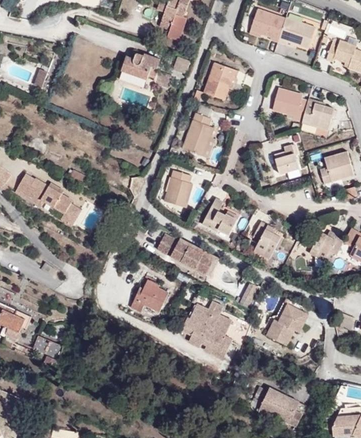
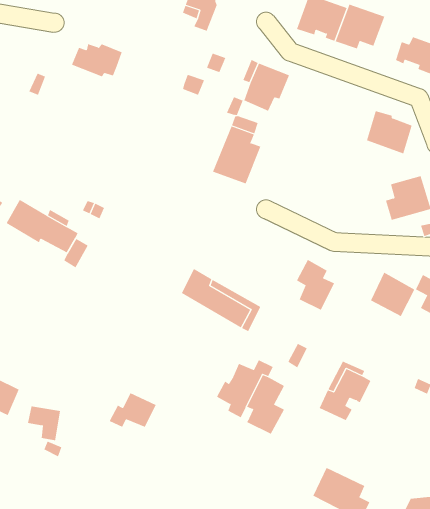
building: [120,51,161,78] -> [71,44,122,77]
building: [271,87,310,123] -> none
building: [272,143,300,175] -> none
building: [165,169,194,206] -> none
building: [199,201,239,231] -> none
building: [130,281,168,309] -> [109,392,156,427]

